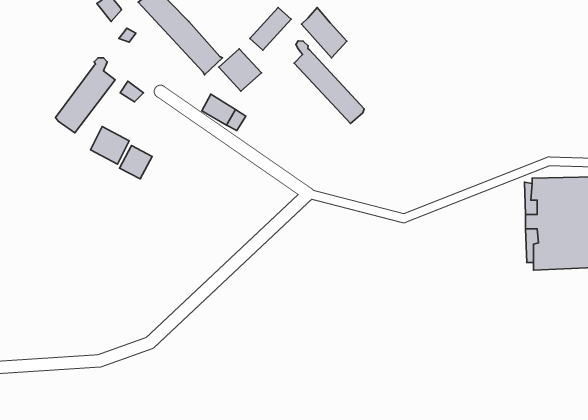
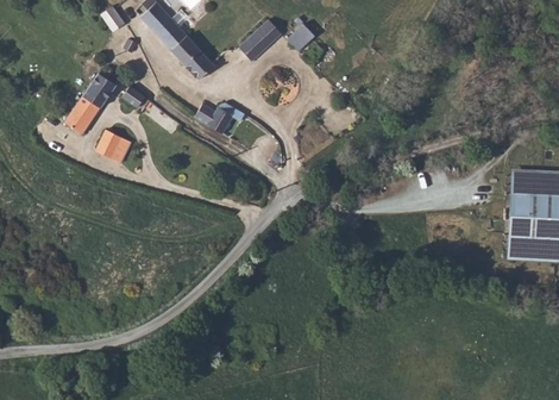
building: [294,41,364,124] -> none
building: [219,49,261,91] -> none
building: [119,146,152,179] -> none

